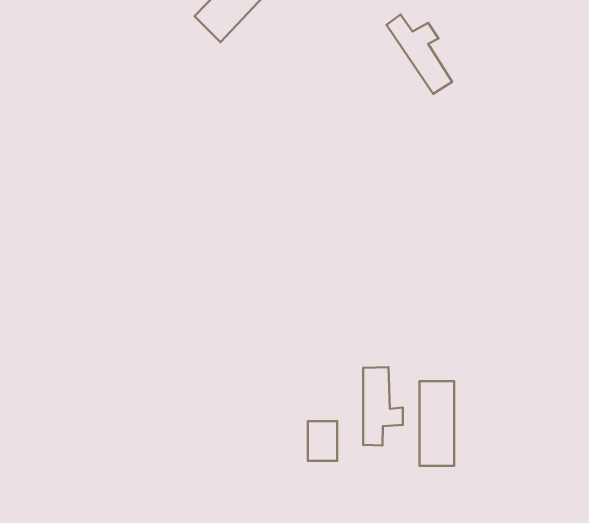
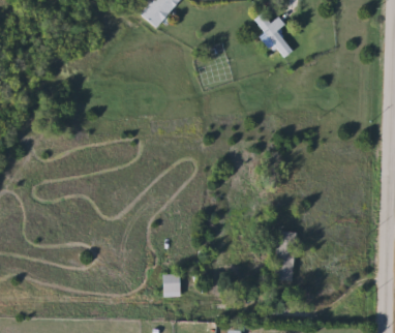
building: [363,367,403,446] -> none
building: [308,421,337,461] -> [162,273,180,297]

